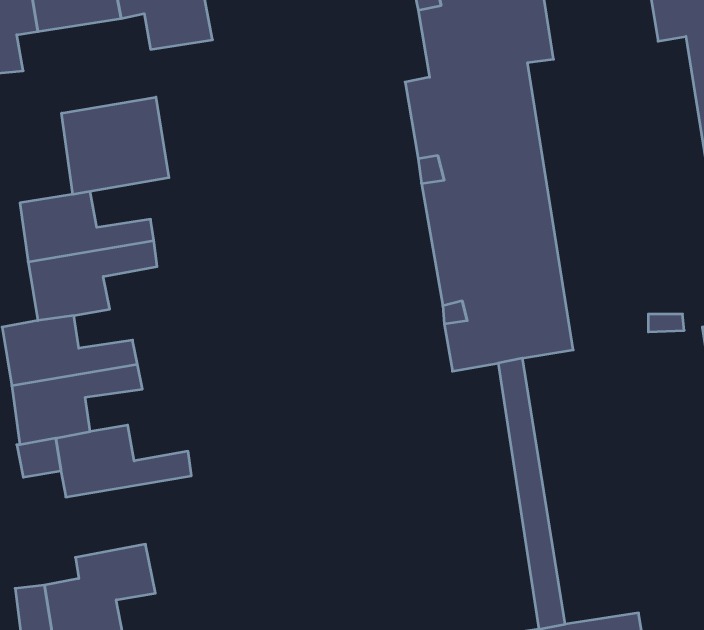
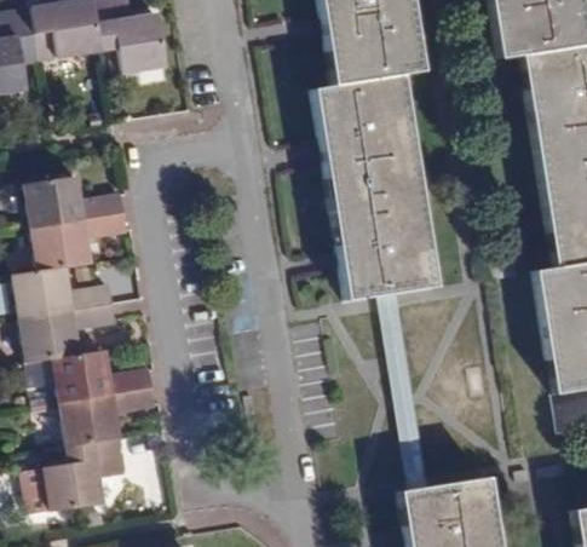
building: [62,97,169,194] -> none
building: none -> [62,386,159,447]

